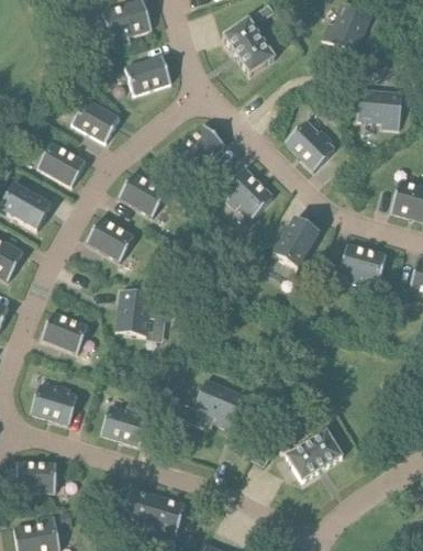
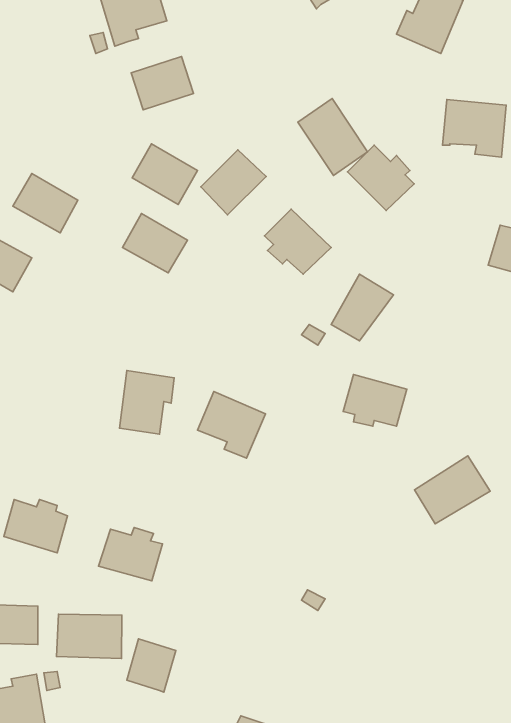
building: [223,18,275,75] -> [298,99,368,176]
building: [71,98,120,143] -> [132,144,197,205]
building: [86,217,135,261] -> none
building: [339,244,387,283] -> [343,374,407,426]
building: [41,311,89,352] -> none
building: [194,378,245,428] -> [197,392,266,458]
building: [287,430,343,481] -> [415,456,490,524]
building: none -> [57,614,122,658]
building: [149,496,186,535] -> none

